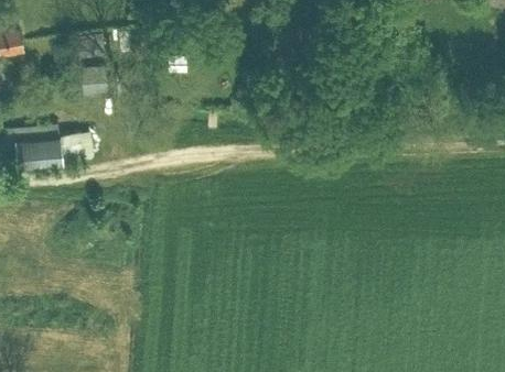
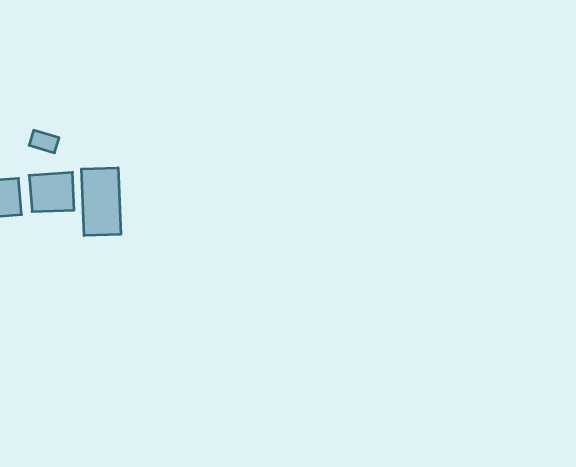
building: none -> [81,168,121,236]

